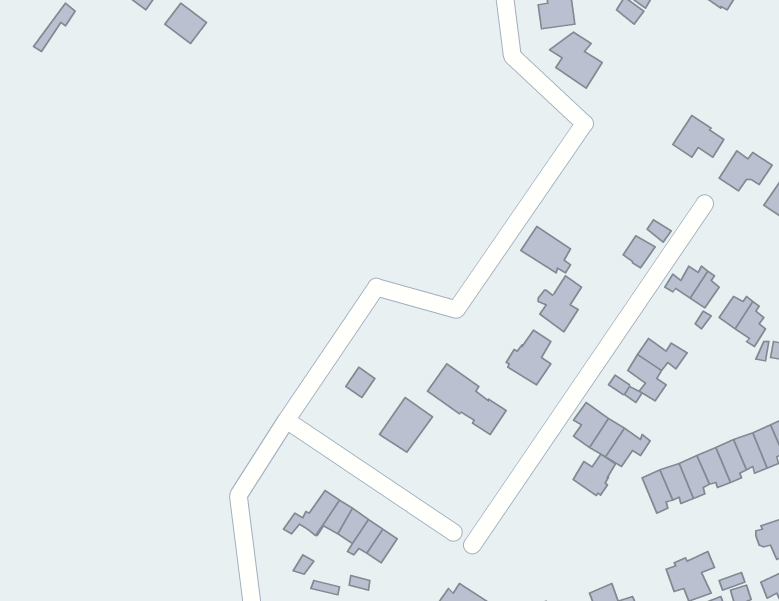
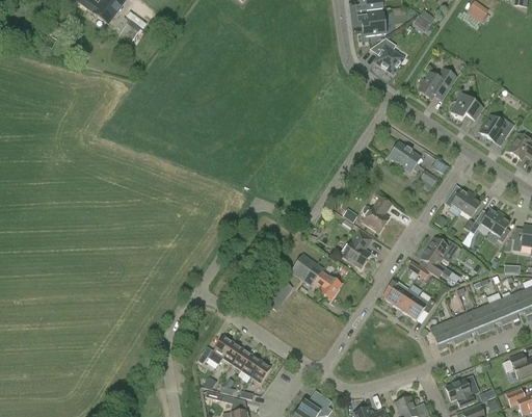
building: none -> [419,68,456,99]
building: [521,226,570,273] -> [389,141,421,172]
building: [573,454,615,496] -> none

